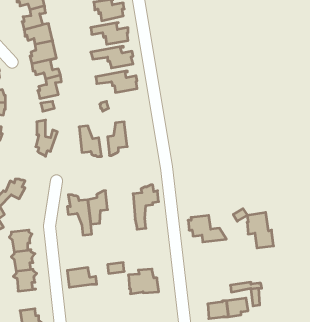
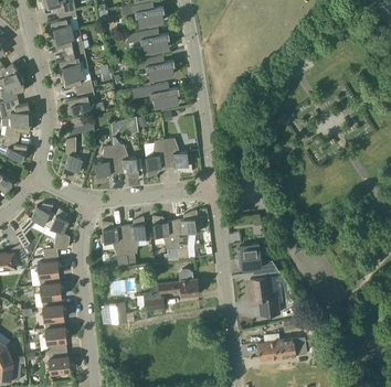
building: none -> [165,139,192,173]
building: none -> [94,146,117,184]
building: none -> [43,208,70,258]
building: none -> [152,216,177,250]
building: [247,212,274,248] -> [250,277,279,316]
building: [128,269,159,294] -> [165,270,199,298]
building: none -> [43,327,68,352]

